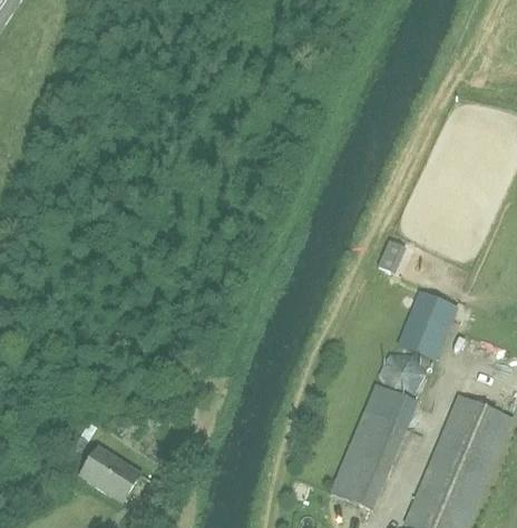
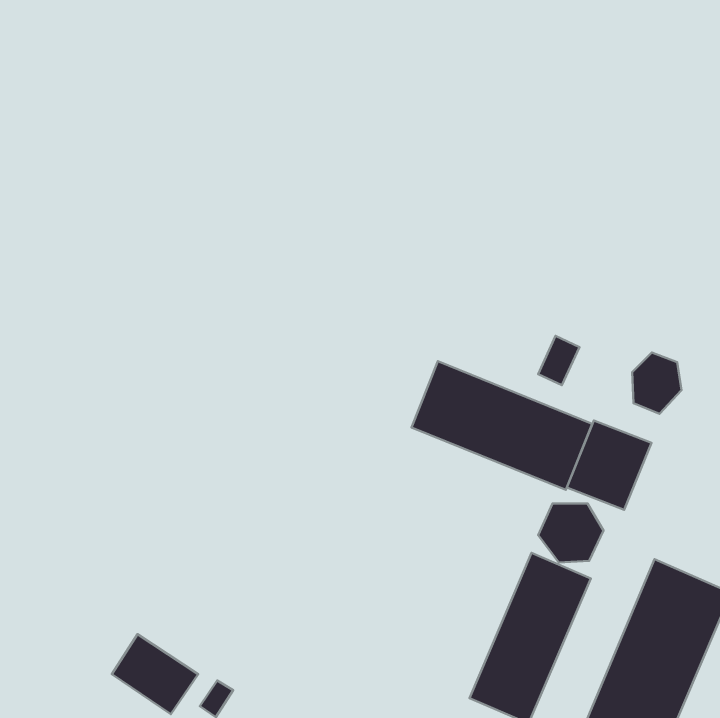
building: none -> [632,353,682,414]
building: none -> [411,361,592,490]

